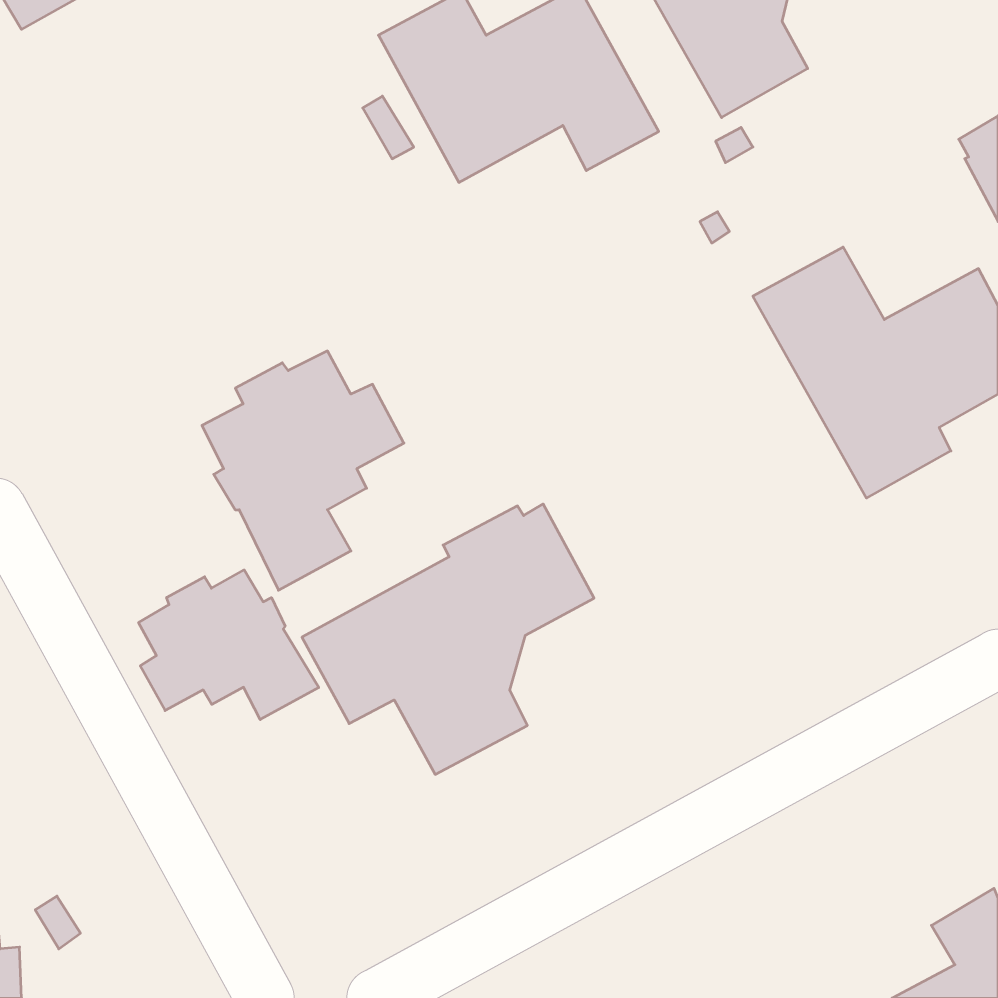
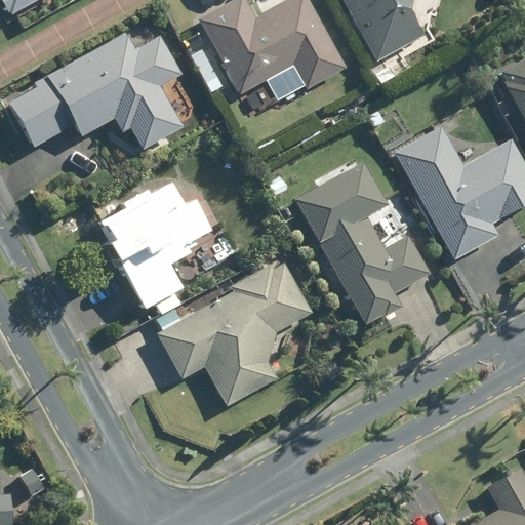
building: none -> [9,32,183,149]
building: none -> [296,163,430,326]
building: [139,570,319,720] -> none

